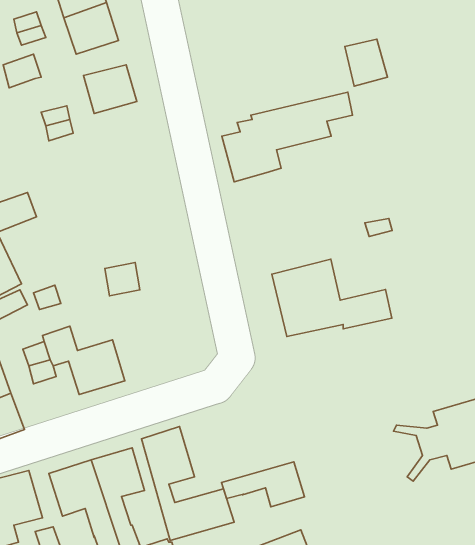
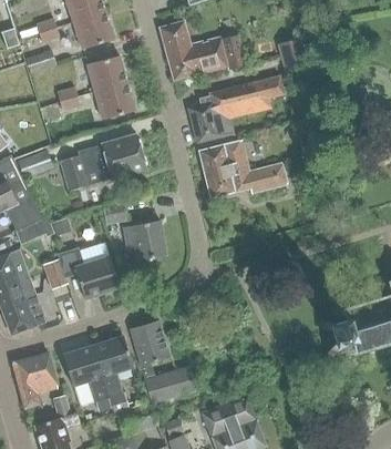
building: none -> [157,20,244,80]
building: none -> [95,83,134,120]
building: none -> [62,134,145,190]
building: [272,259,392,337] -> [198,141,286,197]
building: none -> [123,221,166,259]
building: [222,462,304,507] -> none

